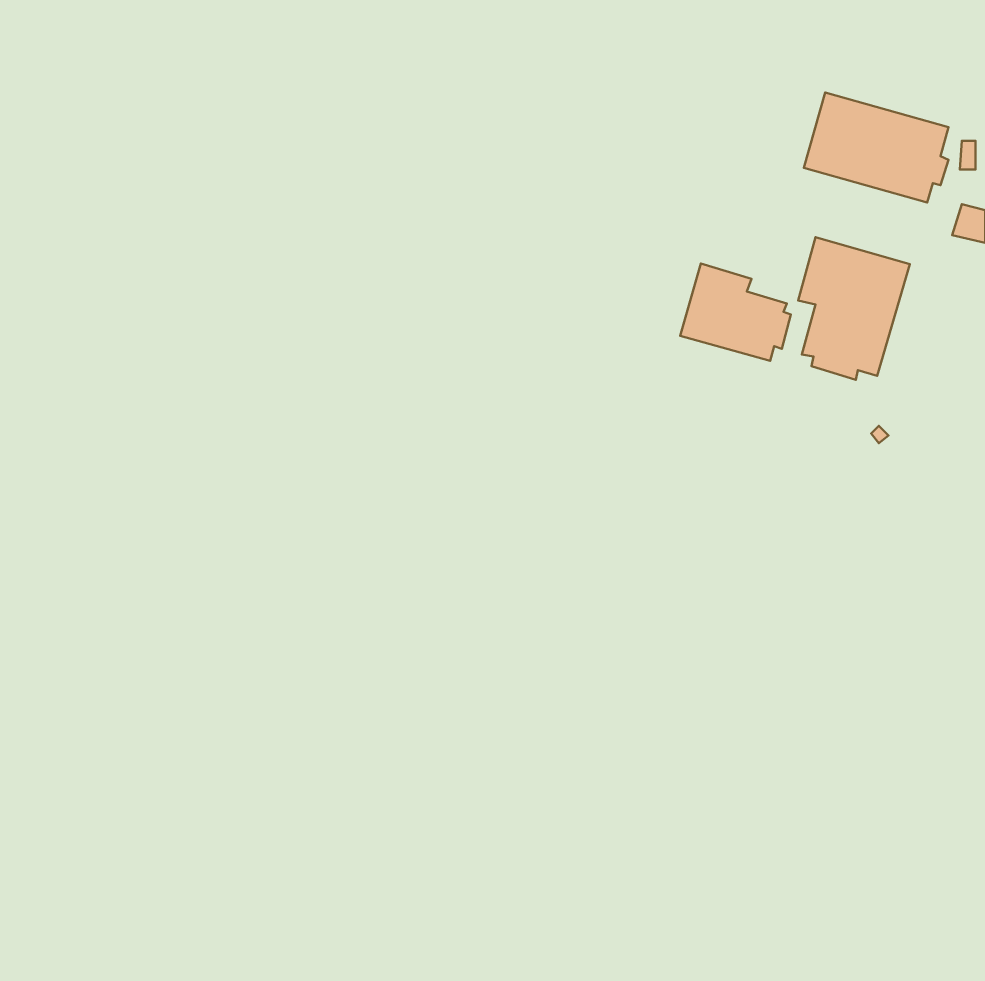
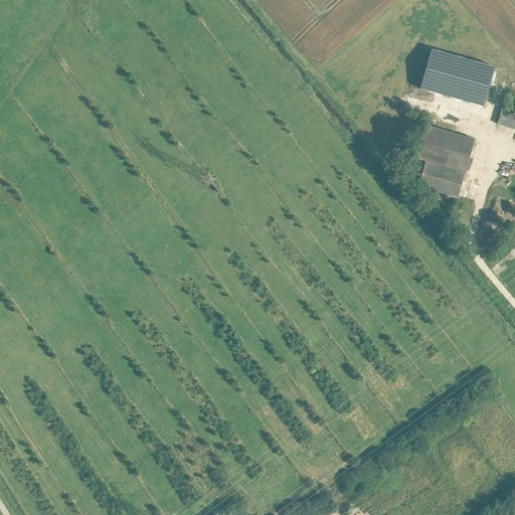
building: [680,264,791,361] -> none

